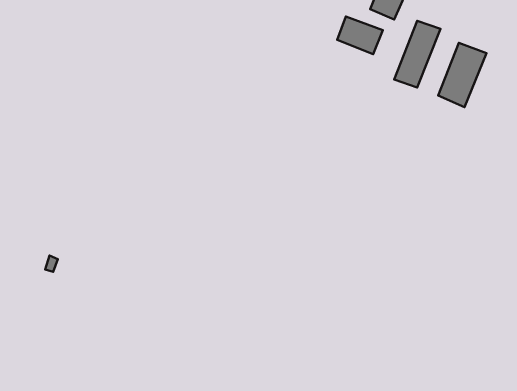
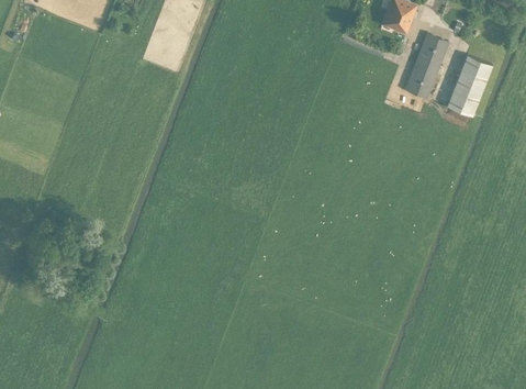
building: [337,17,383,54] -> none

